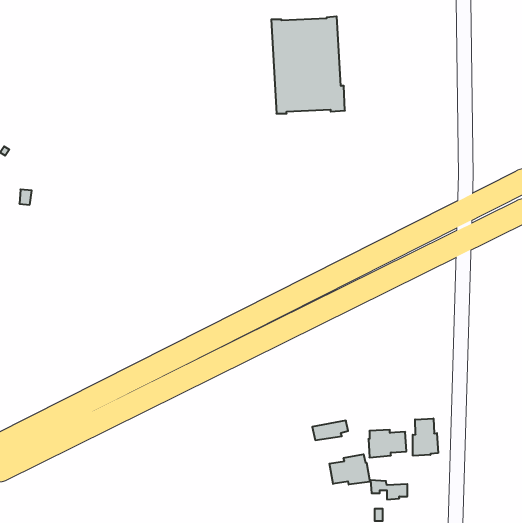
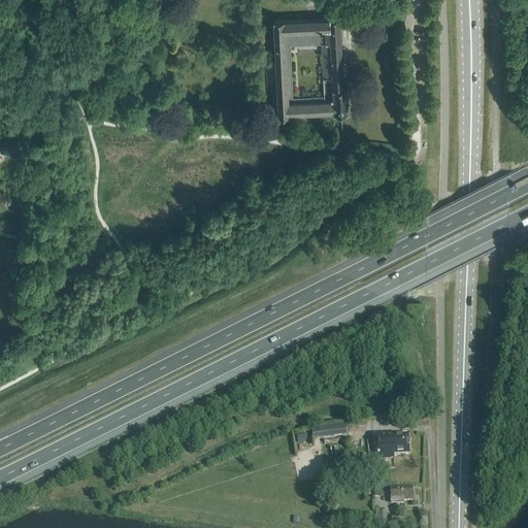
building: [413,418,438,456] -> none
building: [329,454,370,485] -> none

